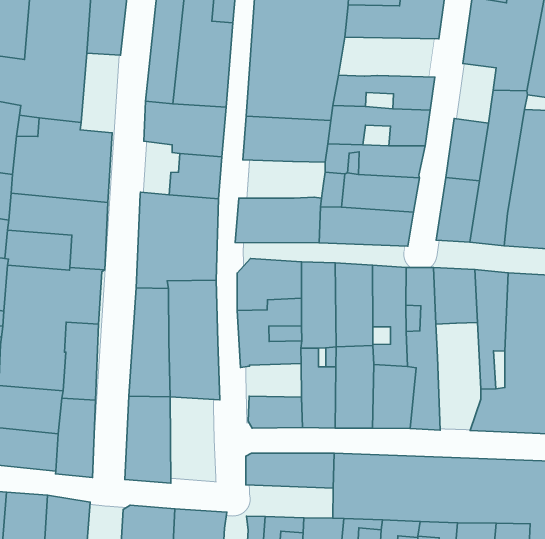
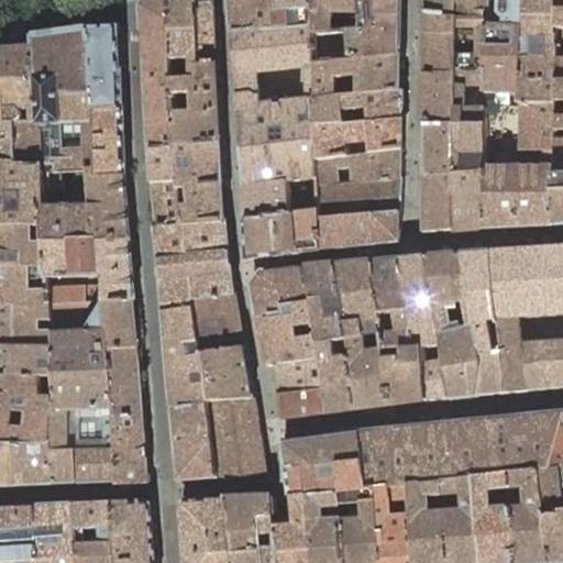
building: none -> [314,56,399,100]
building: none -> [91,109,123,179]
building: none -> [421,75,452,124]
building: none -> [152,181,180,227]
building: none -> [241,181,290,220]
building: none -> [435,329,478,399]
building: none -> [272,357,321,393]
building: none -> [206,399,263,478]
building: none -> [283,463,363,498]

